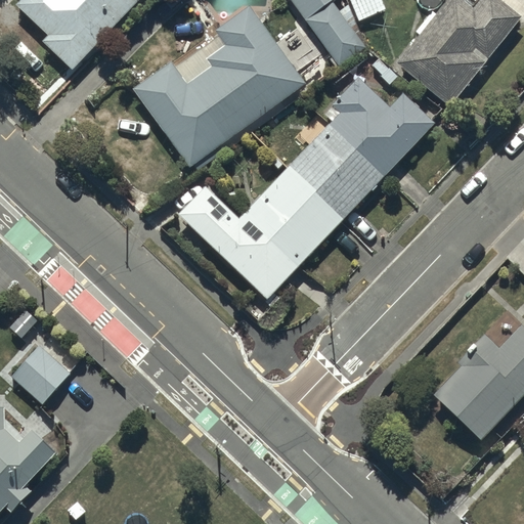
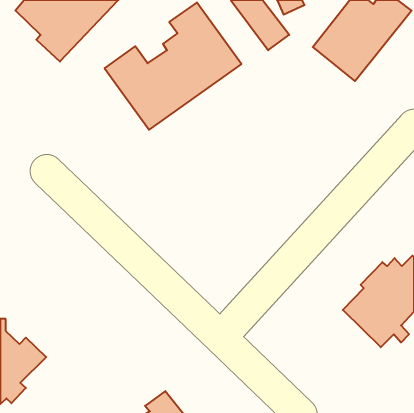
building: [178,76,434,297] -> none
building: [11,335,81,405] -> none

